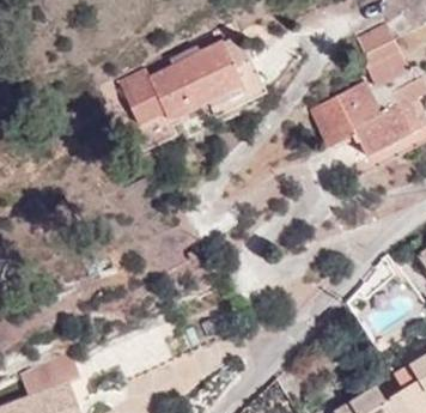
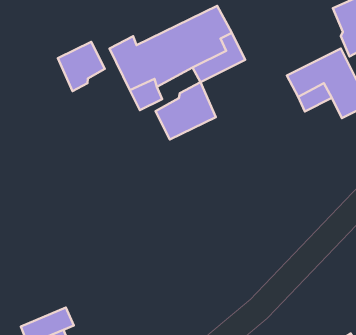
building: none -> [58,42,105,91]
building: none -> [155,82,216,139]

